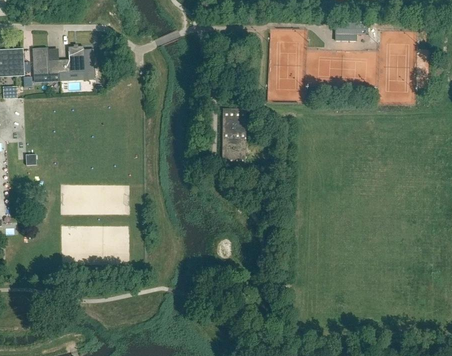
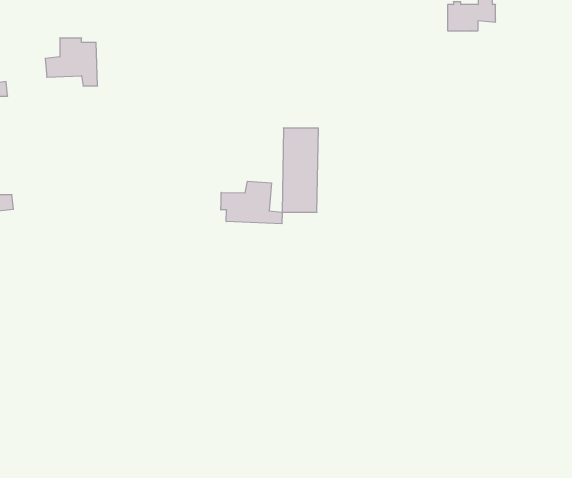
building: [33,47,60,74] -> none
building: none -> [221,181,282,224]

